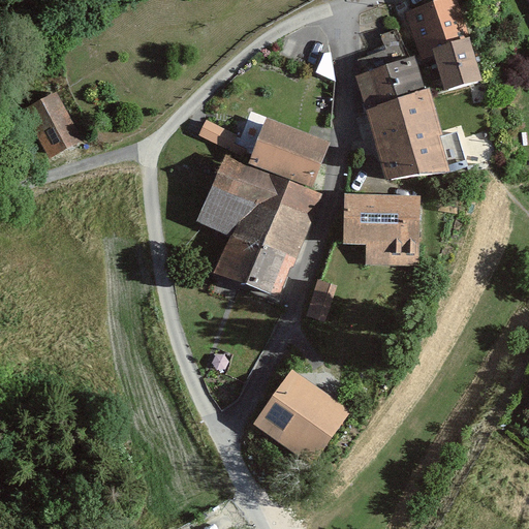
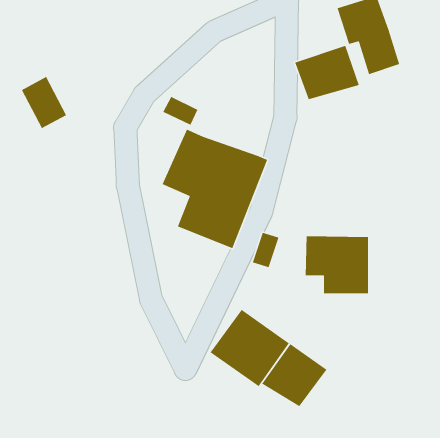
building: [370,102,492,183] -> none
building: [245,116,328,186] -> none
building: [342,194,418,264] -> [305,236,369,294]
building: none -> [261,343,328,407]

